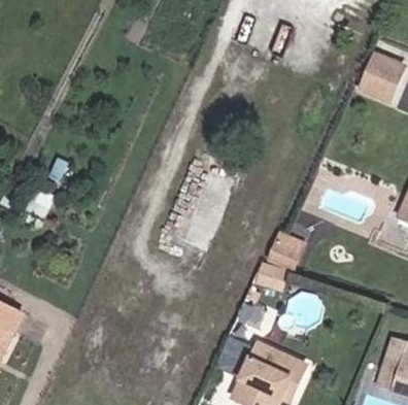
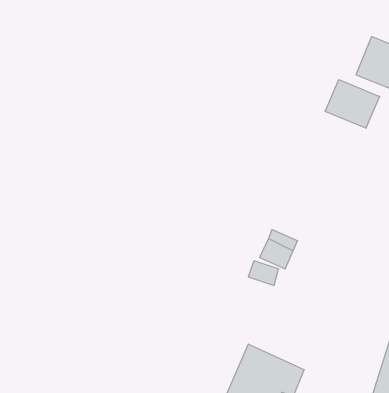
building: none -> [325,80,380,128]

